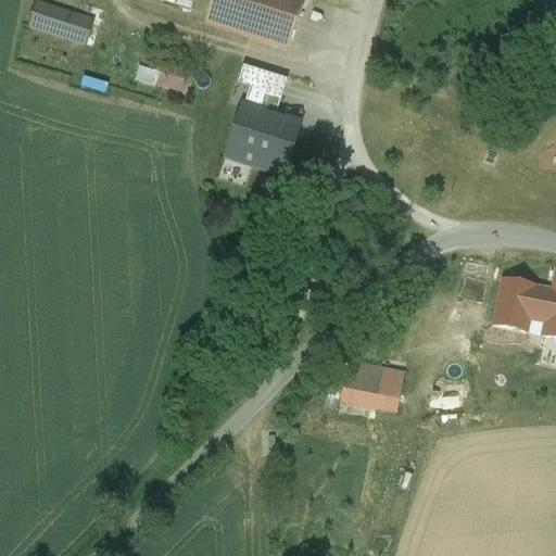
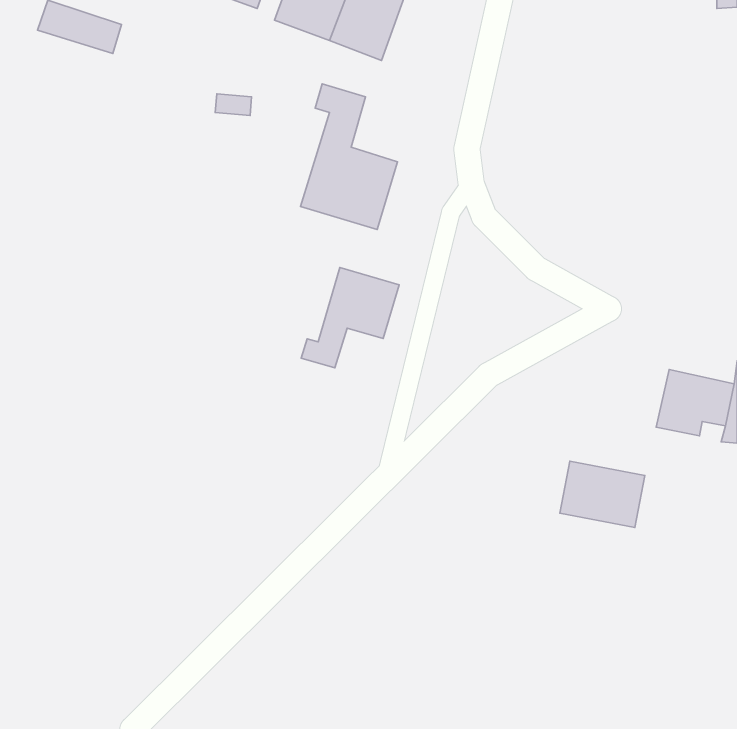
building: none -> [301,267,399,368]
building: [340,359,404,409] -> [560,461,645,527]

